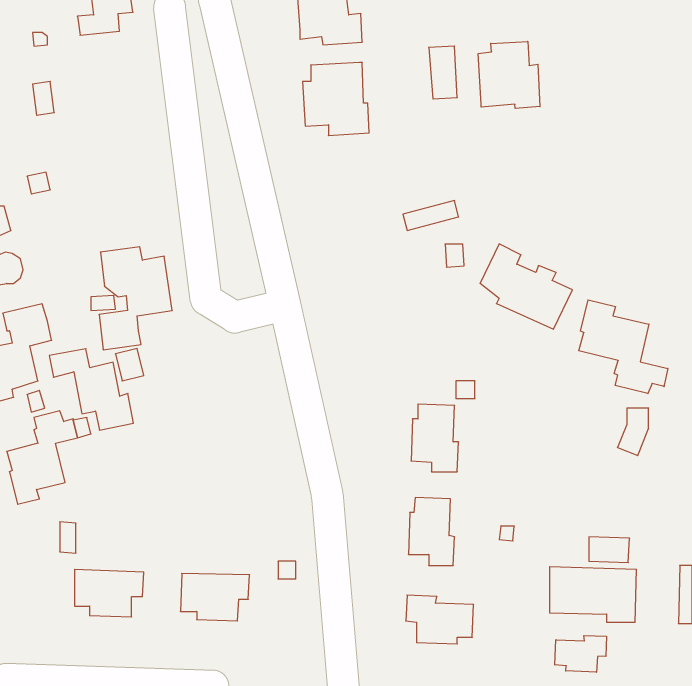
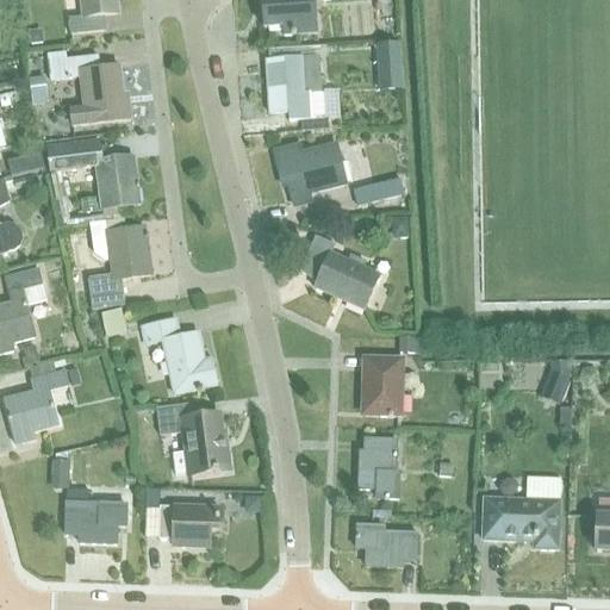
building: [478,41,540,108] -> none
building: none -> [46,51,129,124]
building: none -> [45,139,139,207]
building: none -> [274,142,346,204]
building: [480,244,572,329] -> [299,232,380,307]
building: [579,300,668,394] -> none
building: [49,349,133,430] -> [142,317,216,388]
building: none -> [156,402,230,475]
building: [555,636,606,672] -> none

